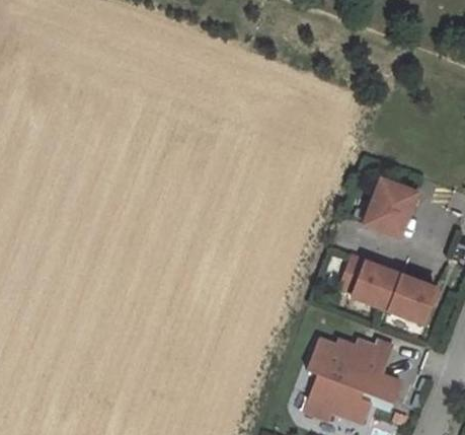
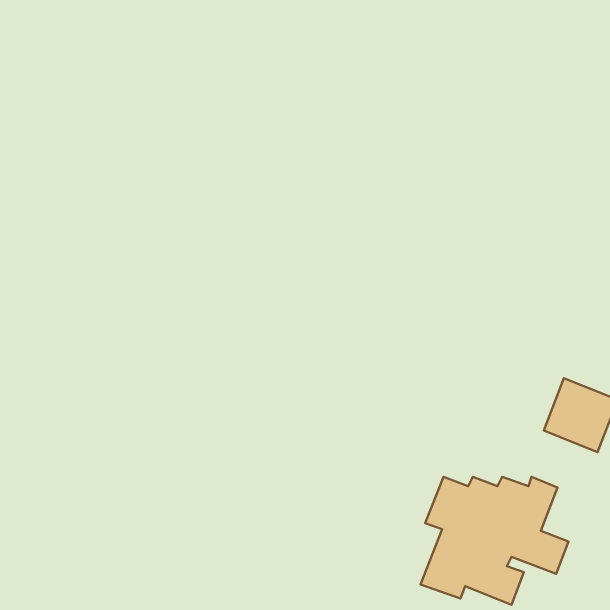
building: [363,178,414,237] -> none
building: [338,256,399,309] -> none

